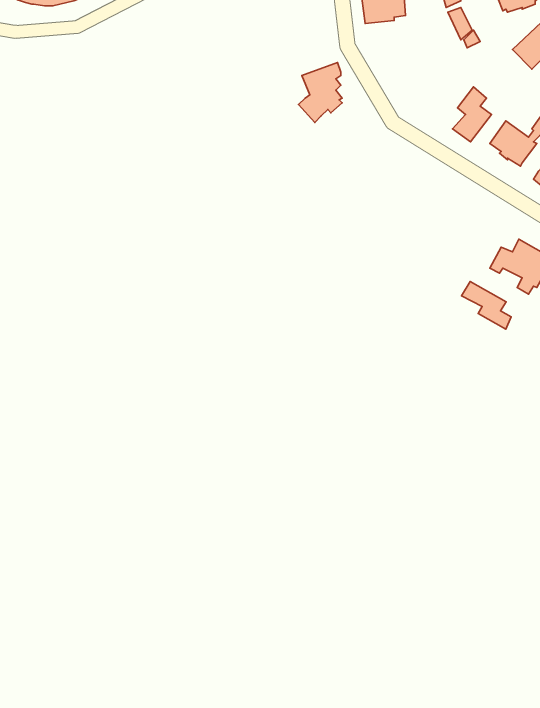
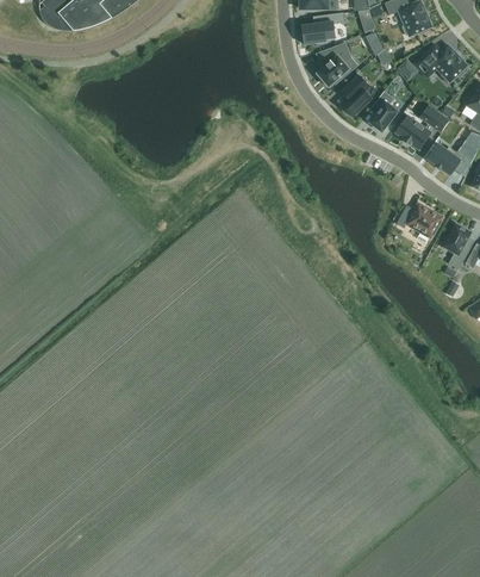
building: [299,62,342,122] -> [317,42,349,86]
building: none -> [339,74,372,116]
building: [461,281,511,329] -> none

